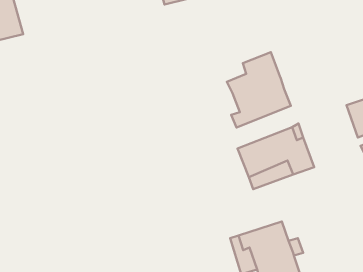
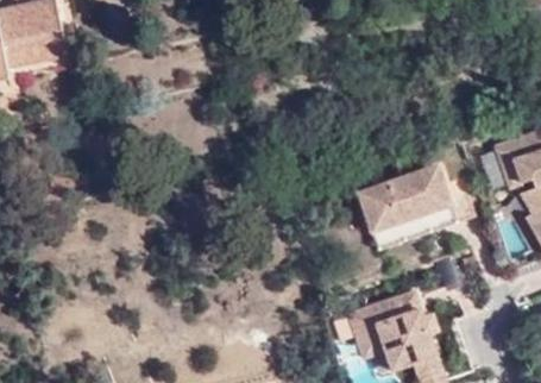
building: [227,52,291,127] -> none

